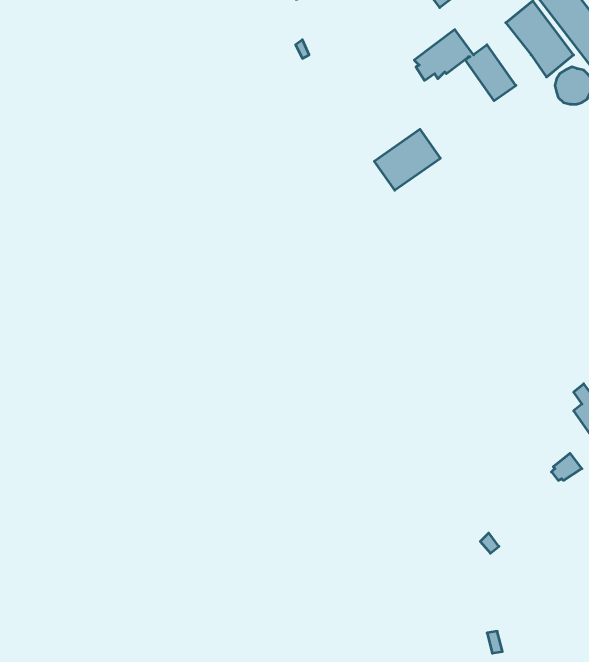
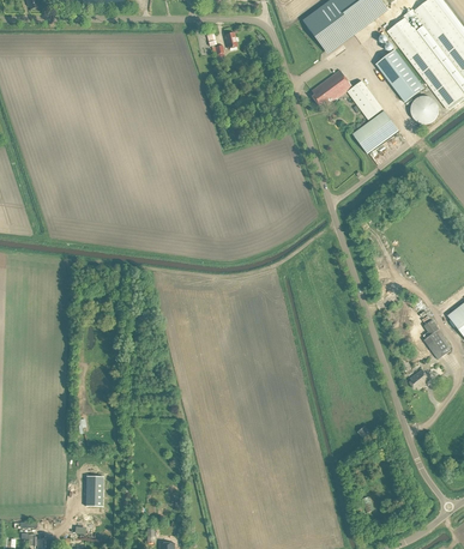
building: [374,129,440,190] -> [352,109,399,152]
building: none -> [86,473,103,505]

